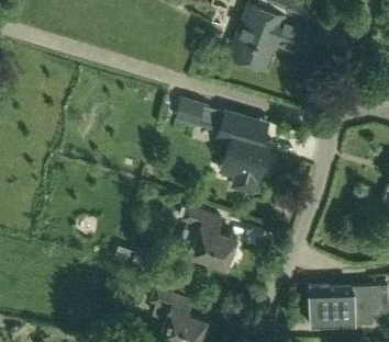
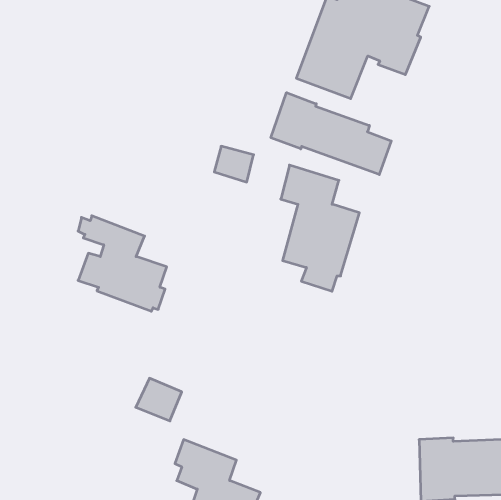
building: none -> [271,93,391,175]
building: [178,207,235,269] -> [78,216,167,311]

